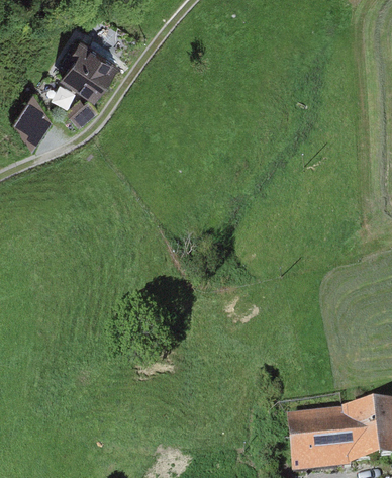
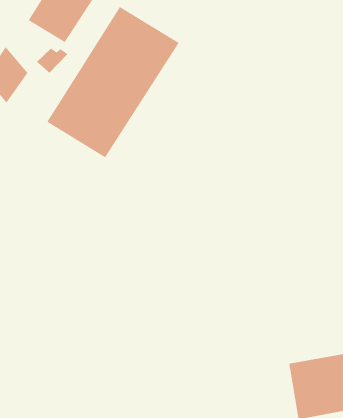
building: none -> [47,6,180,158]

